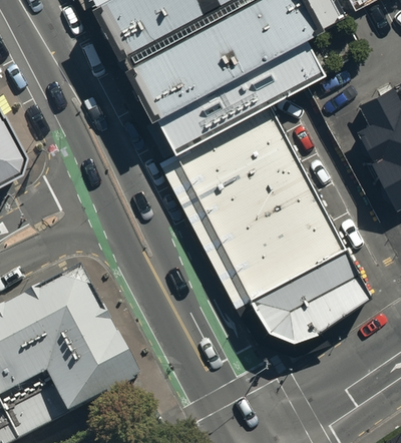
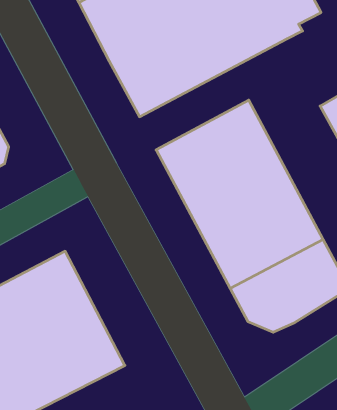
building: [156,45,326,159] -> none

